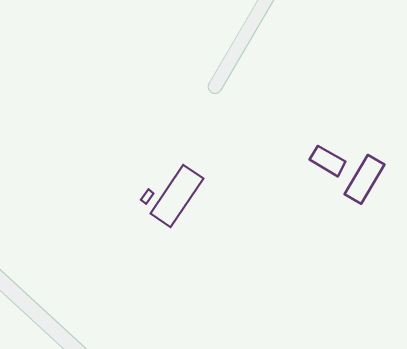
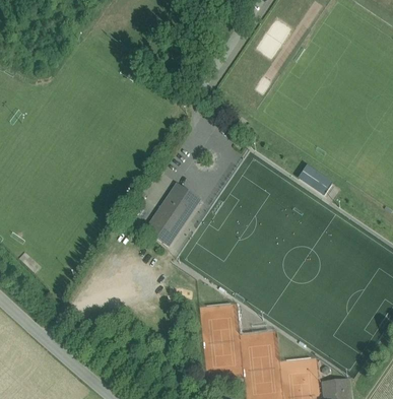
building: [344,155,385,204] -> none

